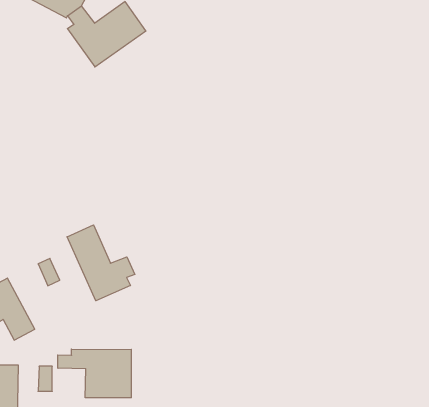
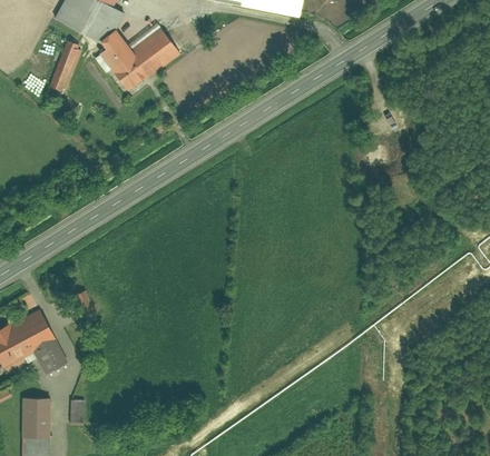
building: none -> [47,40,80,90]
building: [67,225,135,301] -> none
building: [58,349,131,398] -> none

